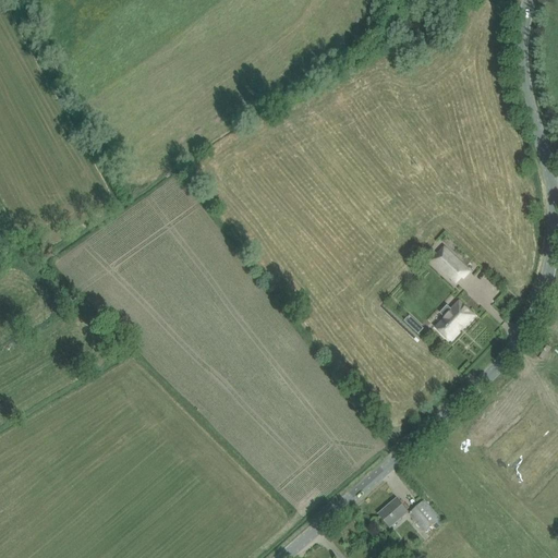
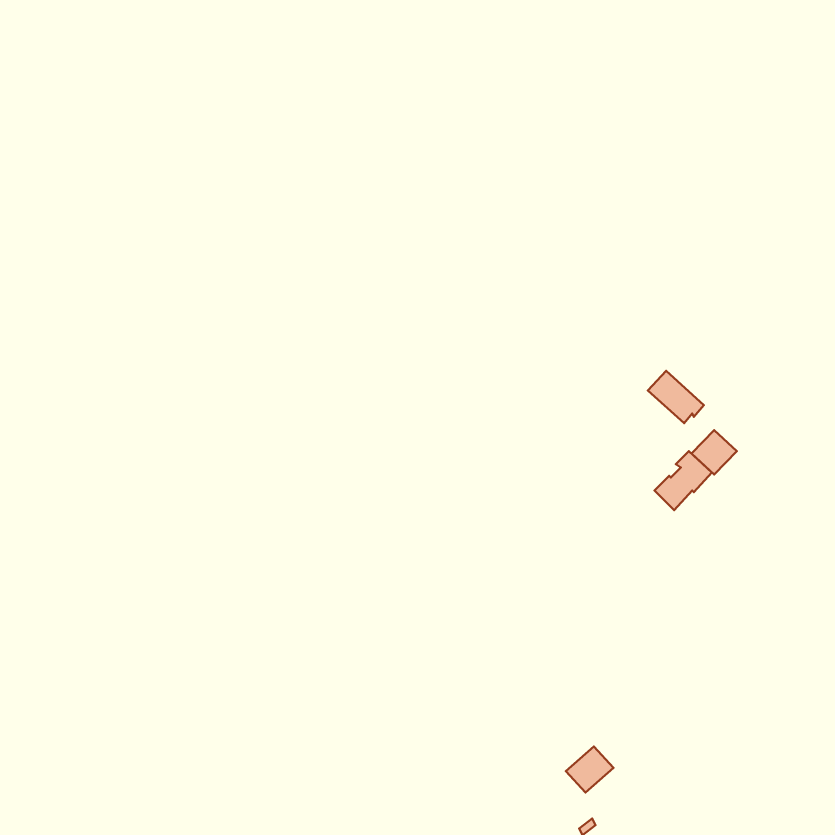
building: none -> [692,430,737,475]
building: [407,498,439,531] -> none

